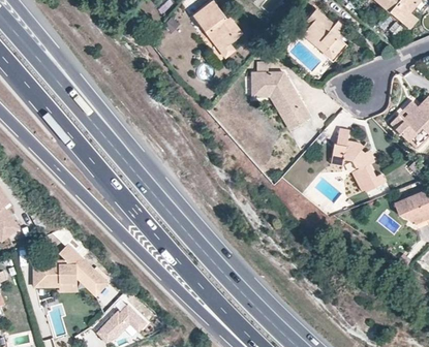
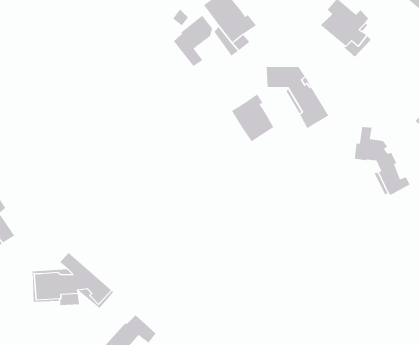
building: none -> [173,15,213,67]
building: none -> [231,93,274,142]

